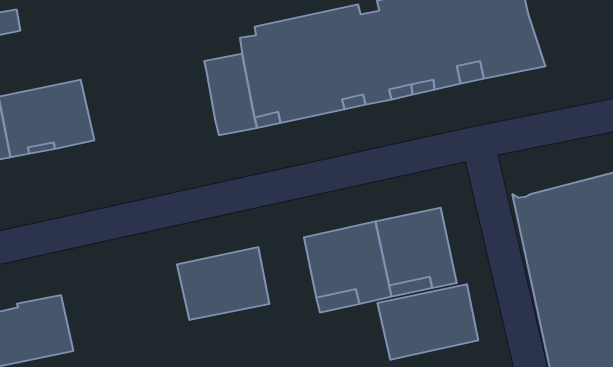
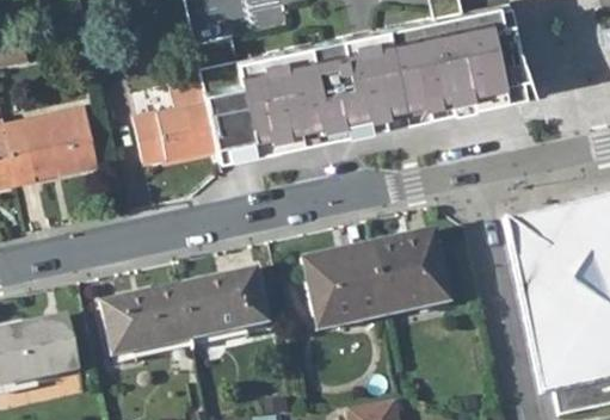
building: none -> [134,74,215,160]
building: none -> [99,284,190,356]
building: [378,284,478,360] -> none

